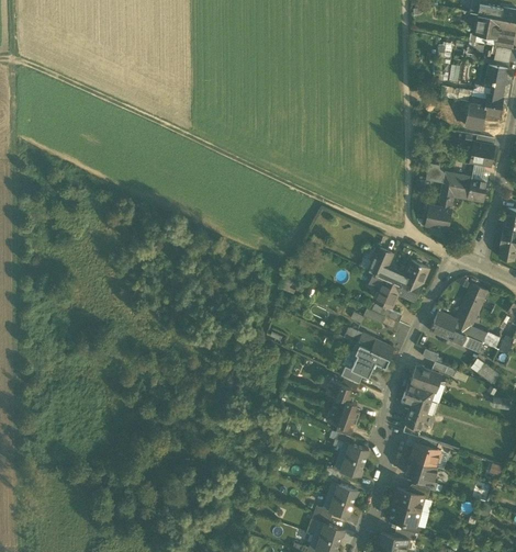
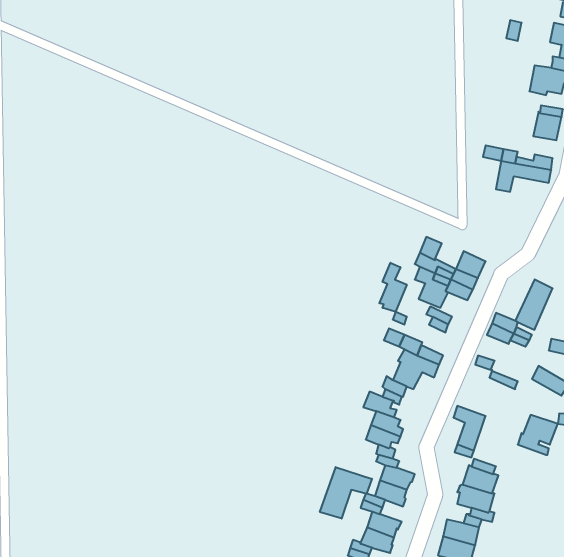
building: [425,205,450,228] -> none
building: none -> [379,263,407,312]
building: [405,367,439,401] -> [518,415,558,455]
building: none -> [320,467,372,519]

